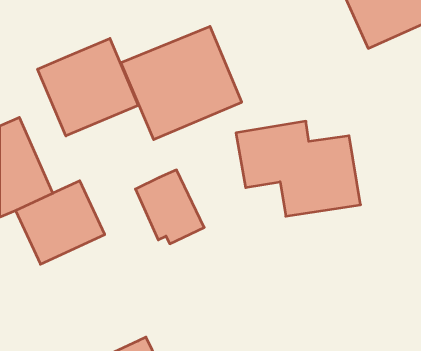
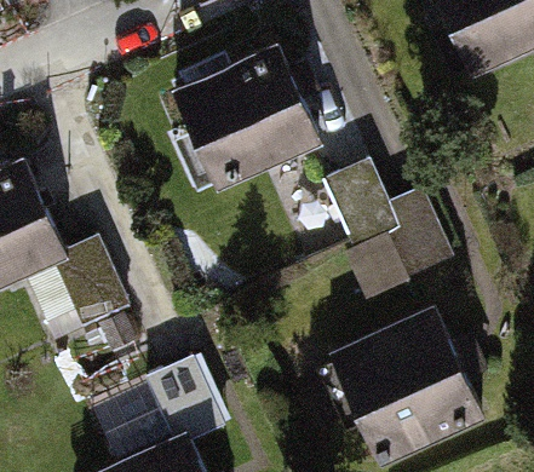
building: [38,38,138,136] -> none
building: [135,170,204,244] -> [147,355,234,448]
building: none -> [318,307,465,448]

